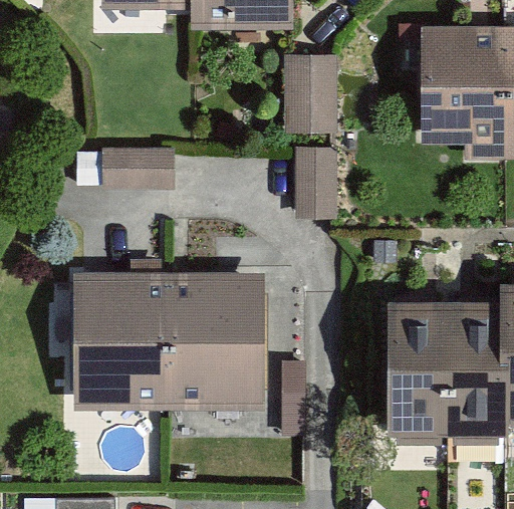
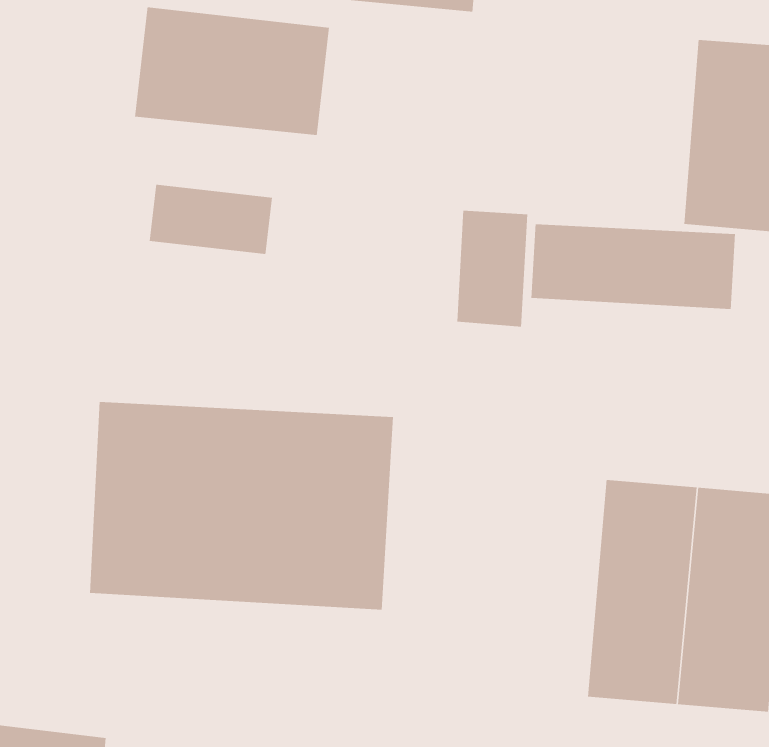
building: none -> [134,7,330,136]
building: [282,56,330,129] -> none
building: none -> [531,223,735,310]

